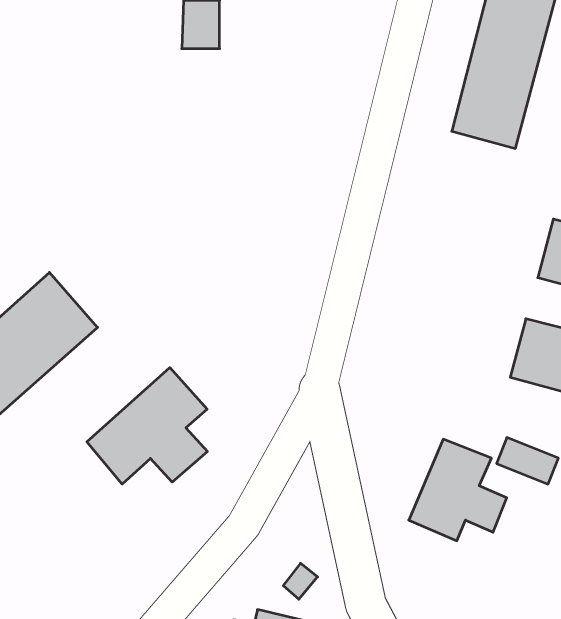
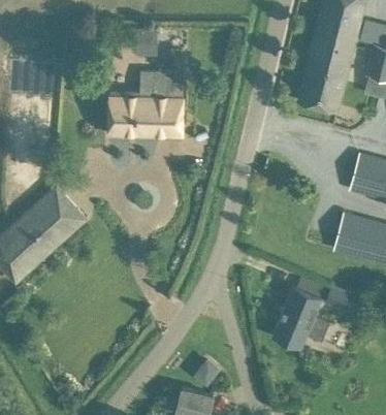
building: none -> [109,72,184,137]
building: [87,368,207,484] -> none

